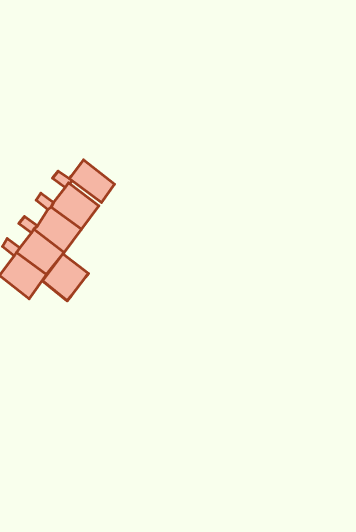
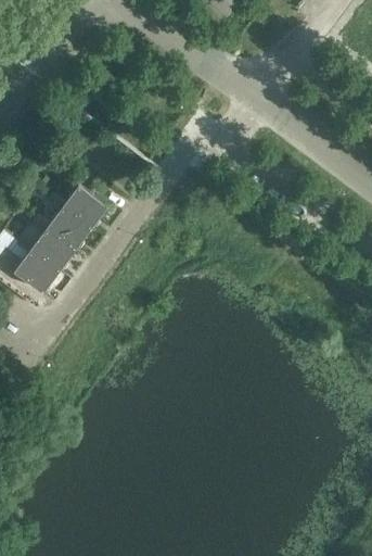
building: [69,160,115,202] -> none
building: [43,254,89,301] -> none

